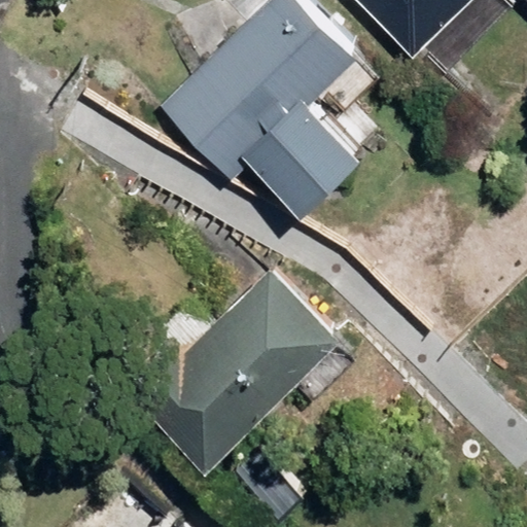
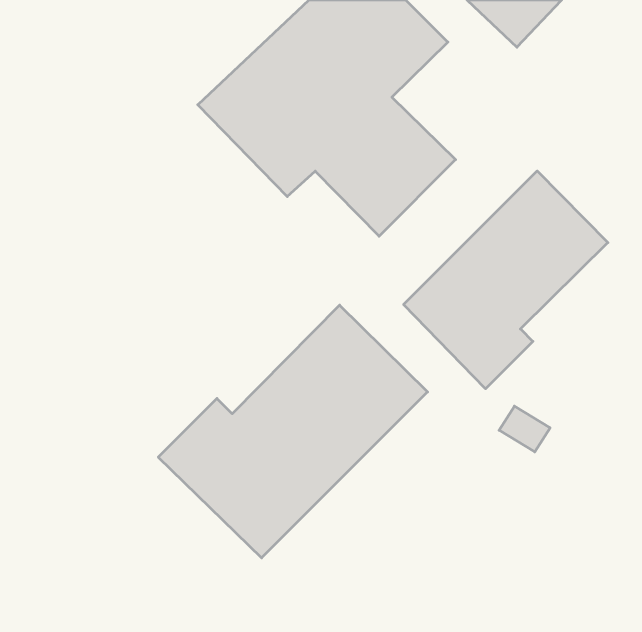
building: none -> [404,171,608,389]

